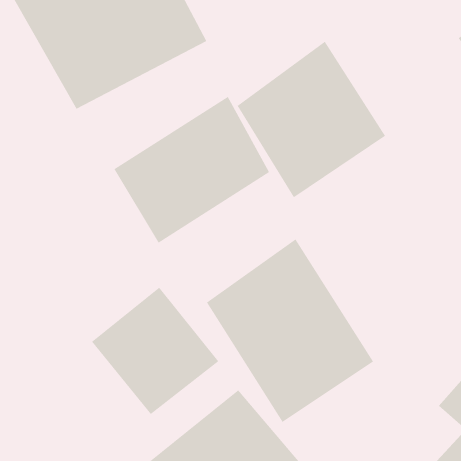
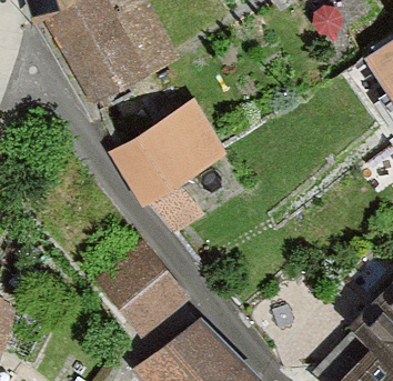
building: [237,41,386,198] -> none
building: [206,238,374,423] -> none

